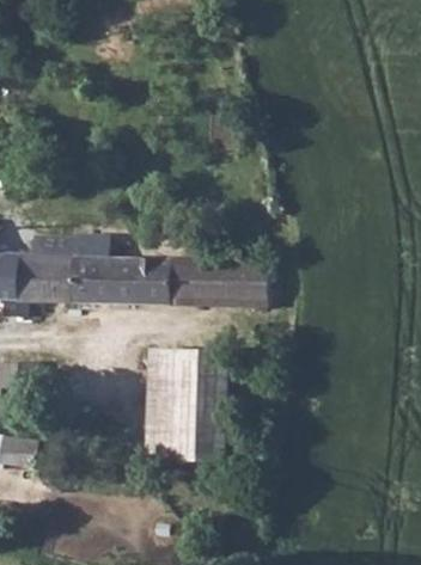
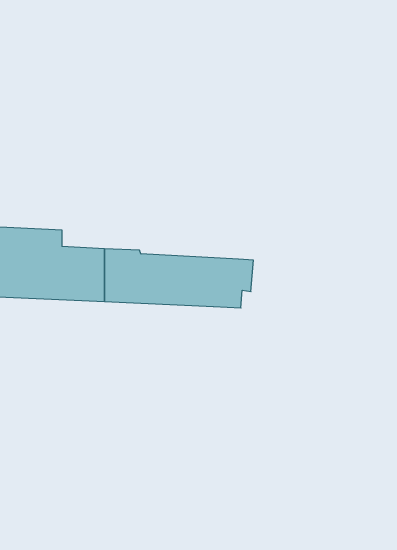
building: [142,350,218,462] -> none

